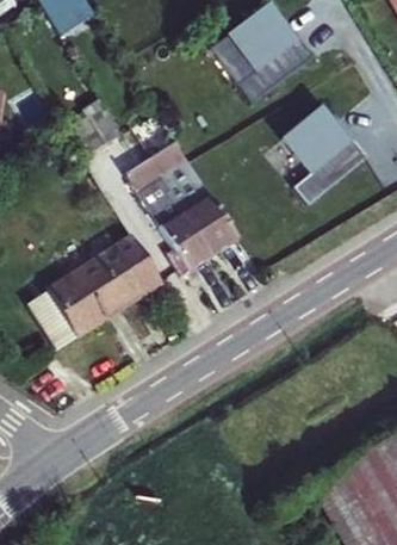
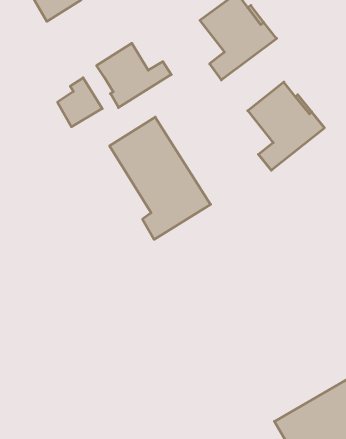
building: none -> [97,43,171,108]
building: [25,236,159,351] -> none

